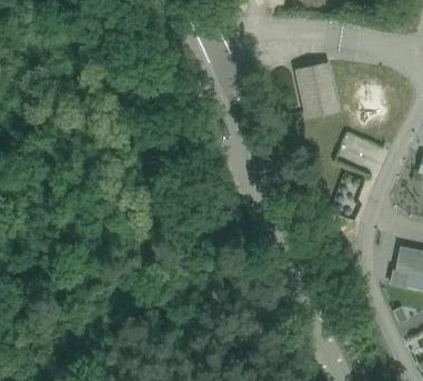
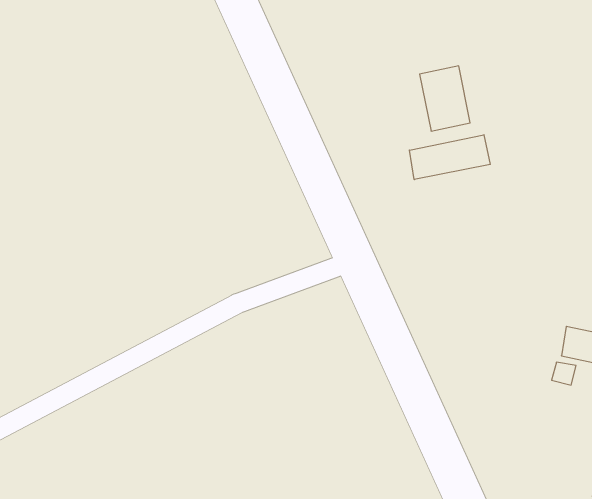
building: none -> [409,135,490,180]

